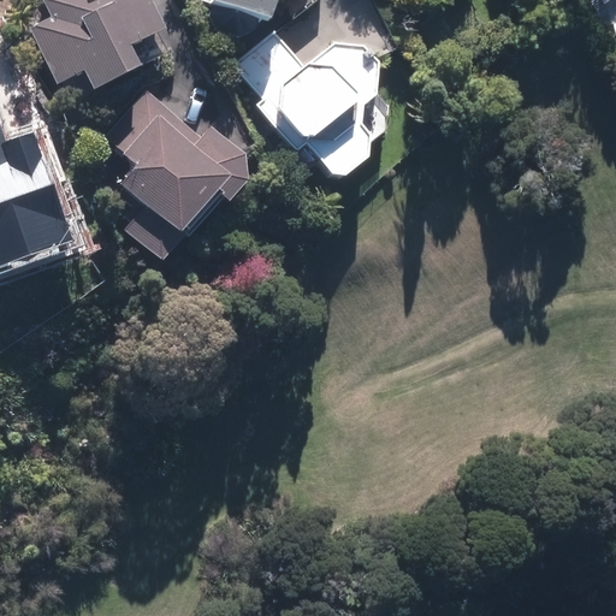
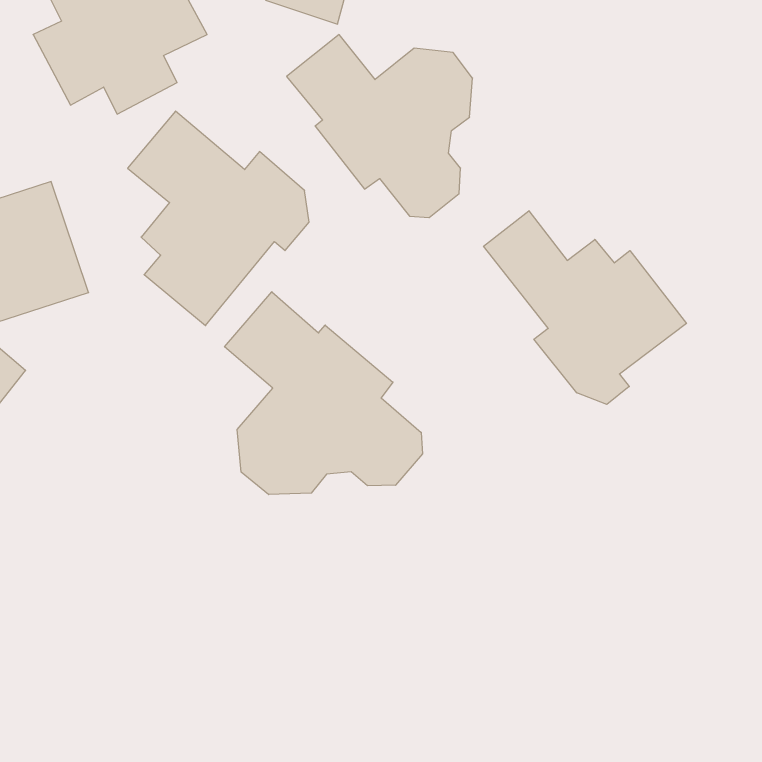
building: none -> [484,211,686,404]
building: none -> [225,292,422,495]

